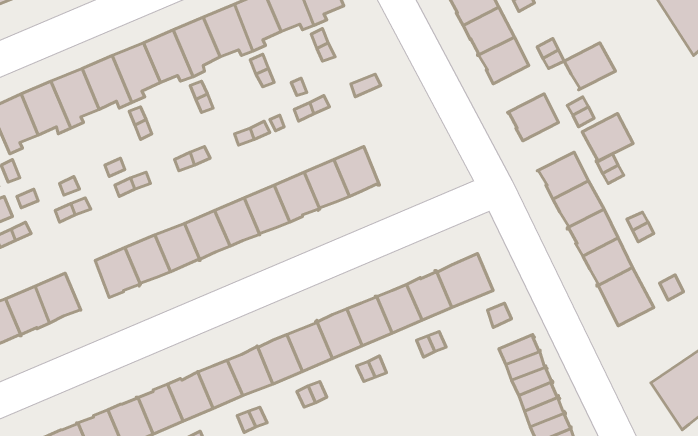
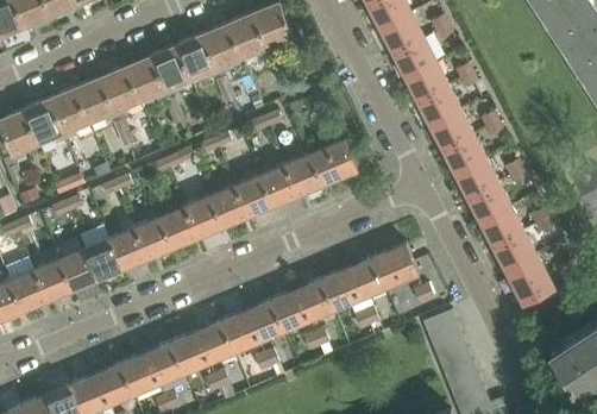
building: [564,43,615,90] -> [416,87,459,126]
building: [582,113,633,162] -> [441,134,484,175]
building: none -> [308,140,356,187]
building: none -> [58,250,95,291]

